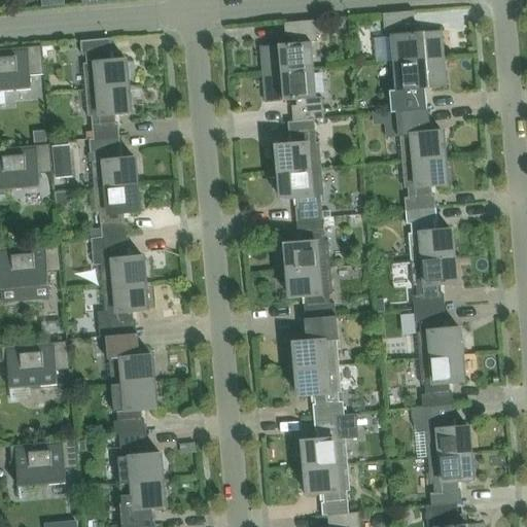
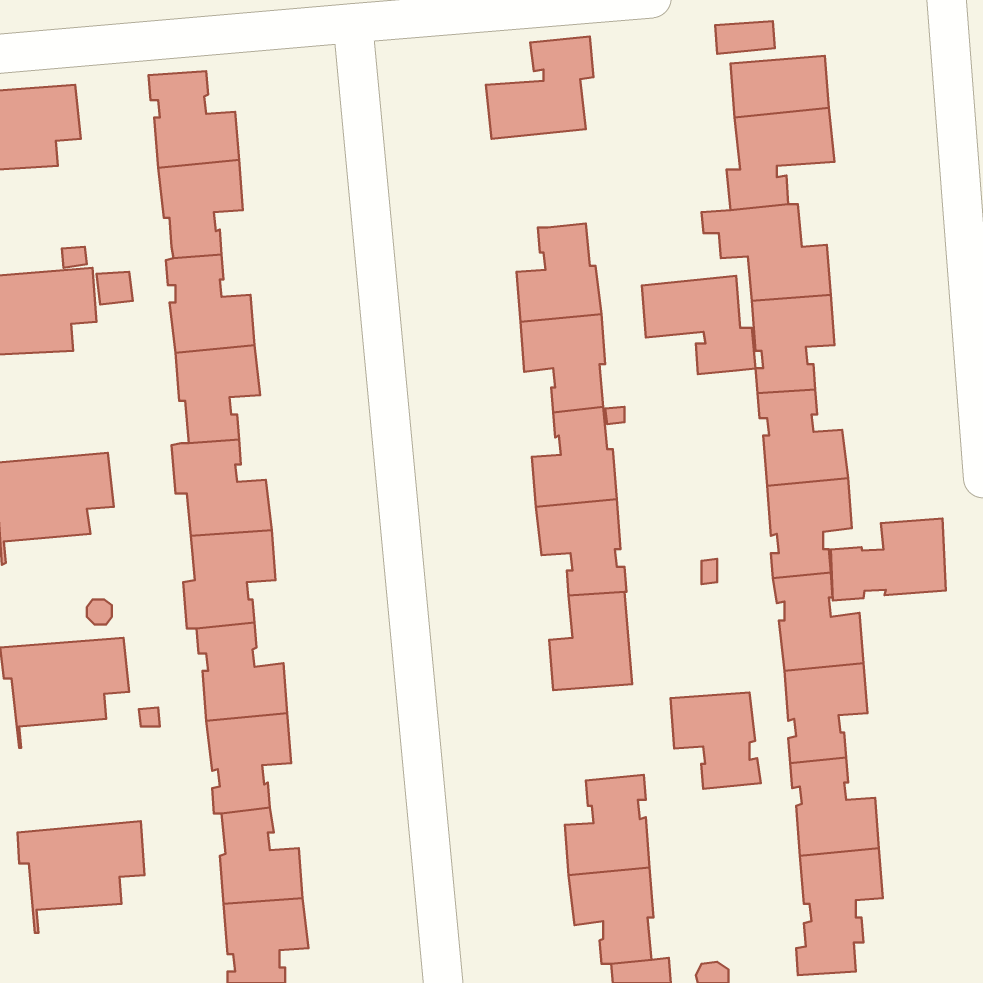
building: [262,69,323,121] -> [642,276,756,374]
building: none -> [831,519,946,600]
building: [295,365,344,417] -> [670,692,761,789]

